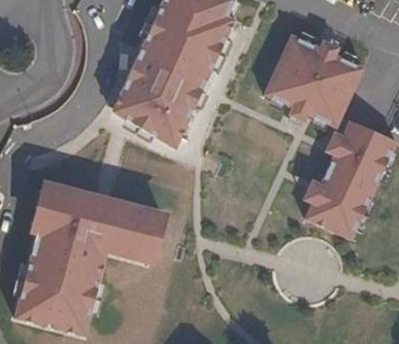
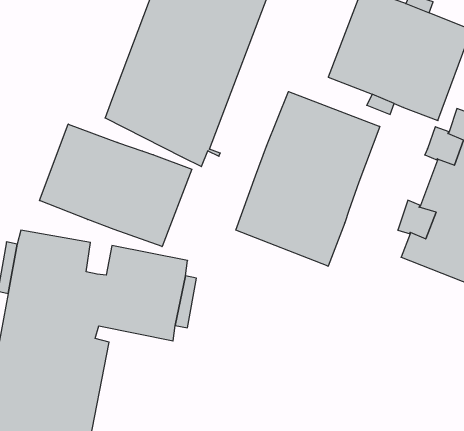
building: none -> [236,92,380,266]
building: none -> [40,124,192,247]

